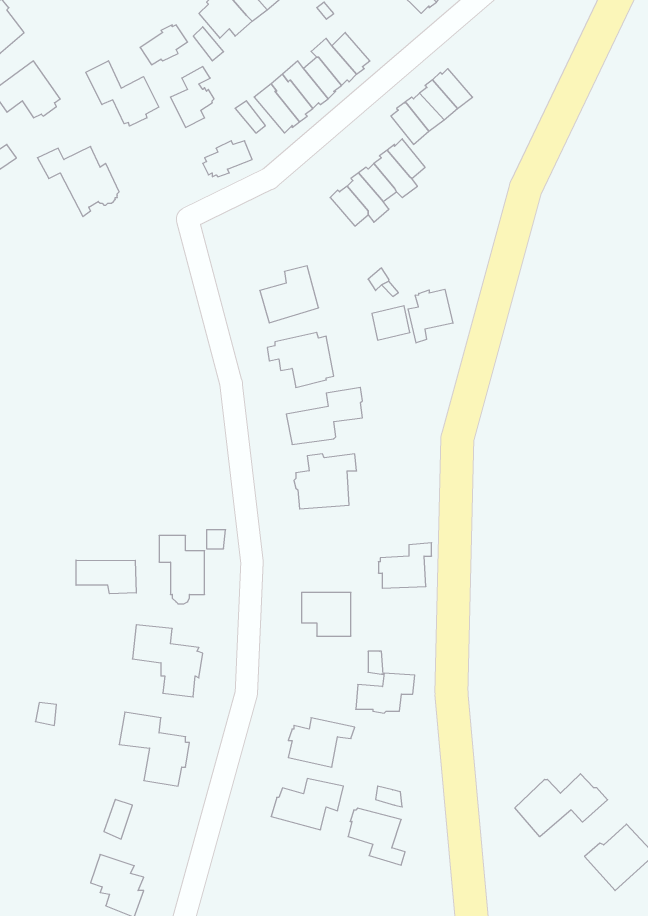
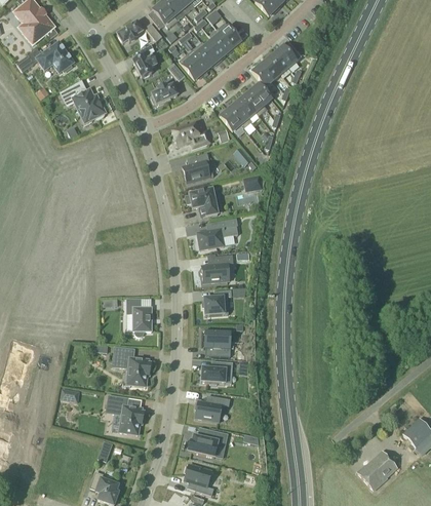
building: [86,61,159,126] -> none
building: none -> [172,123,210,148]
building: [408,289,453,343] -> none
building: [378,543,432,588] -> [202,289,231,314]
building: [76,560,136,594] -> none
building: [356,673,415,713] -> [201,361,233,383]
building: [515,774,608,837] -> none
building: [348,808,405,865] -> [184,464,214,495]

